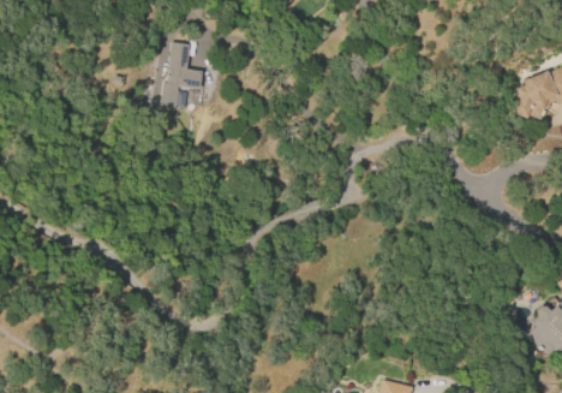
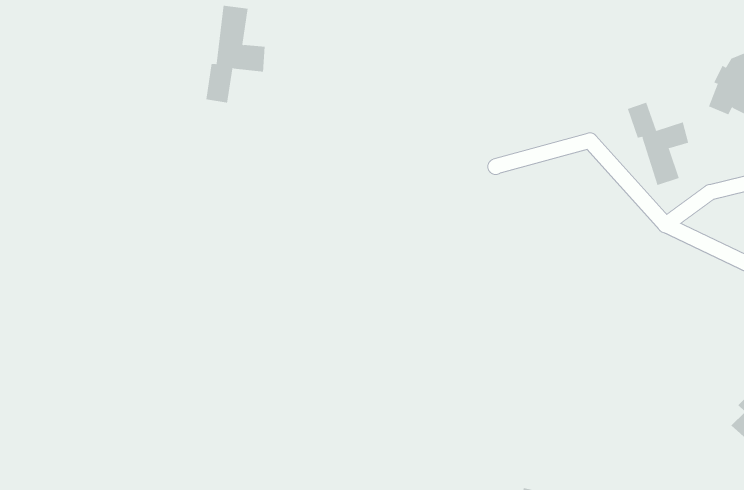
building: none -> [627,102,689,186]

